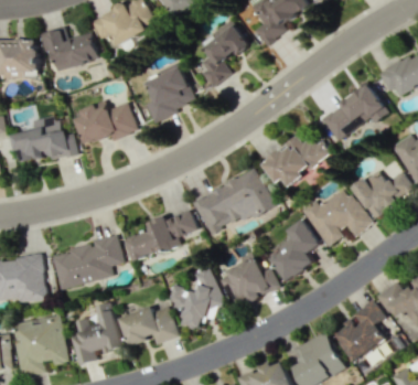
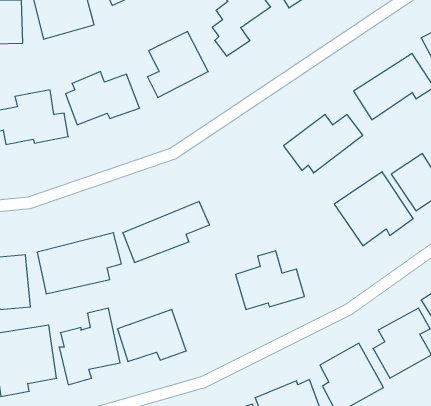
building: [192,169,272,237] -> none
building: [265,223,320,282] -> none
building: [168,267,228,328] -> none

